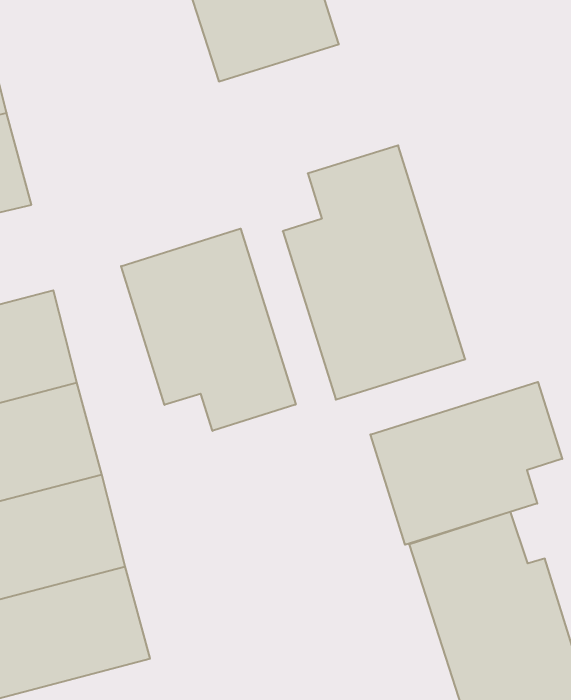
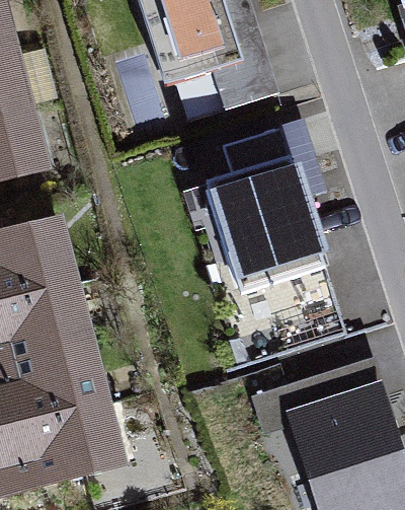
building: [121,229,296,431] -> none
building: [370,382,562,545] -> none

